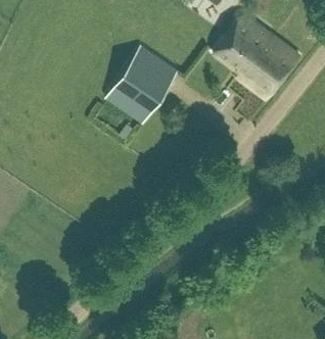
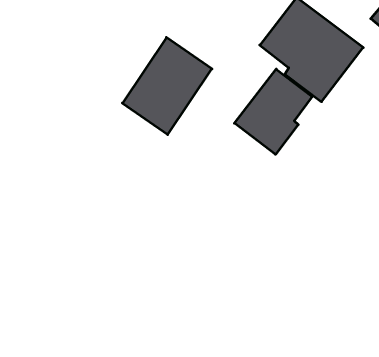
building: none -> [234,69,312,154]

